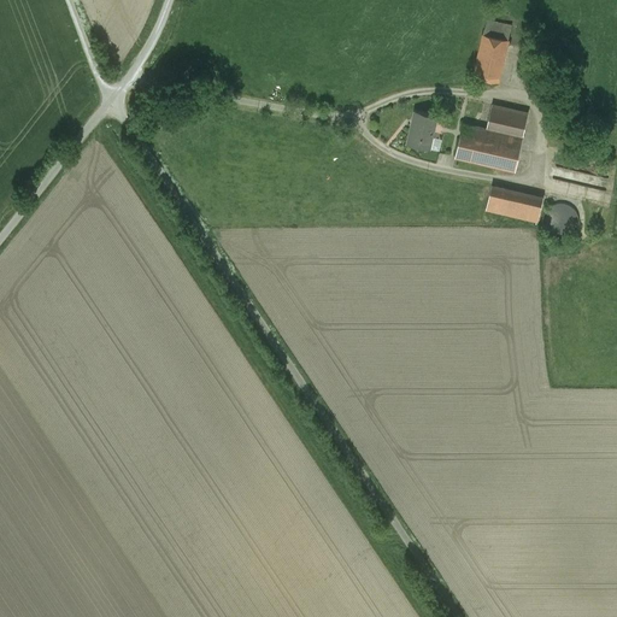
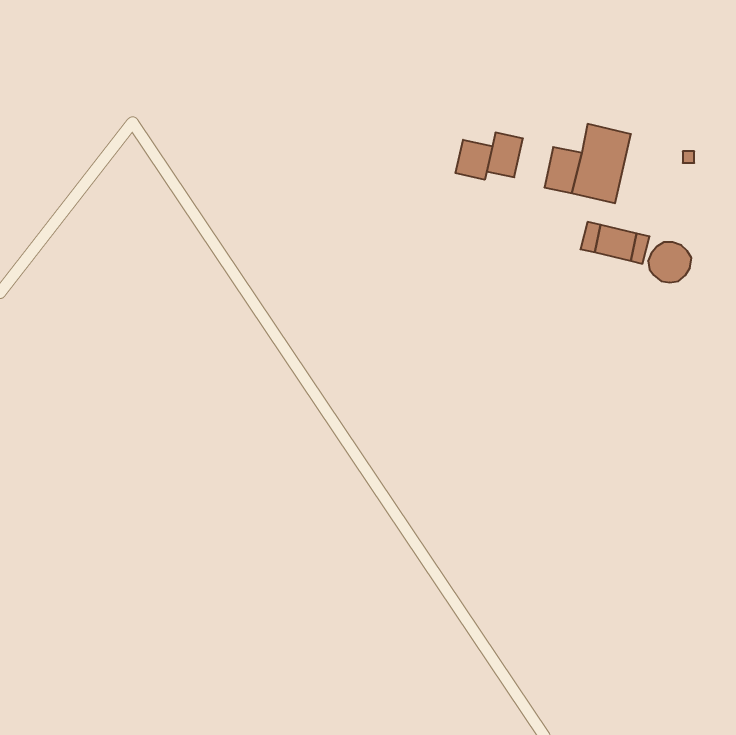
building: [474,20,511,82] -> none
building: none -> [455,140,492,180]

